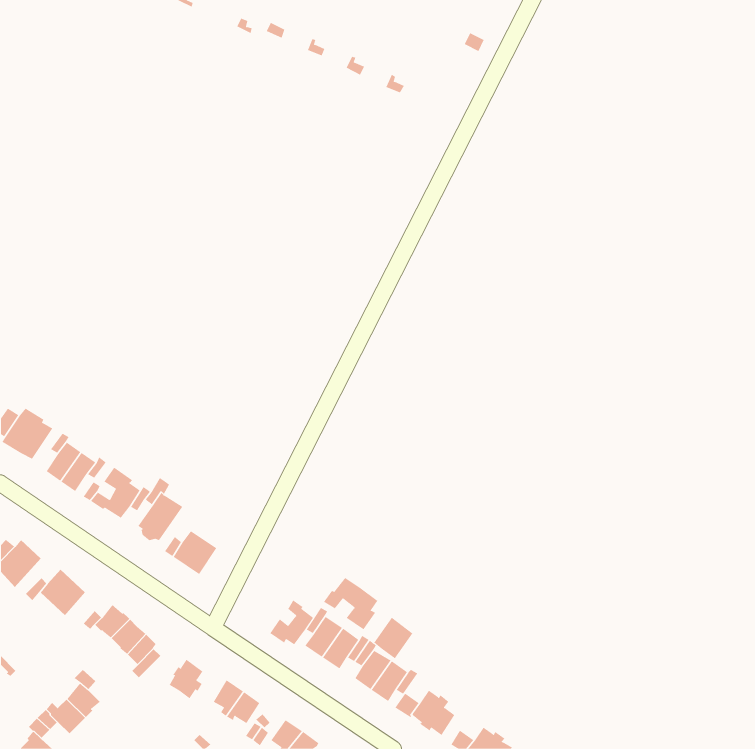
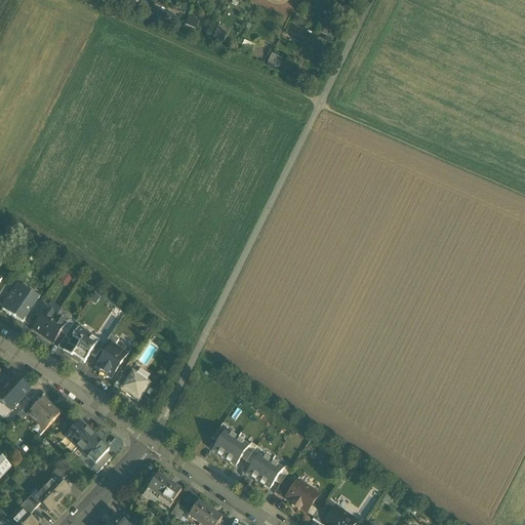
building: [323,577,378,630] -> none
building: [270,599,314,645] -> none
building: [373,617,413,659] -> none
building: [168,659,203,699] -> none

